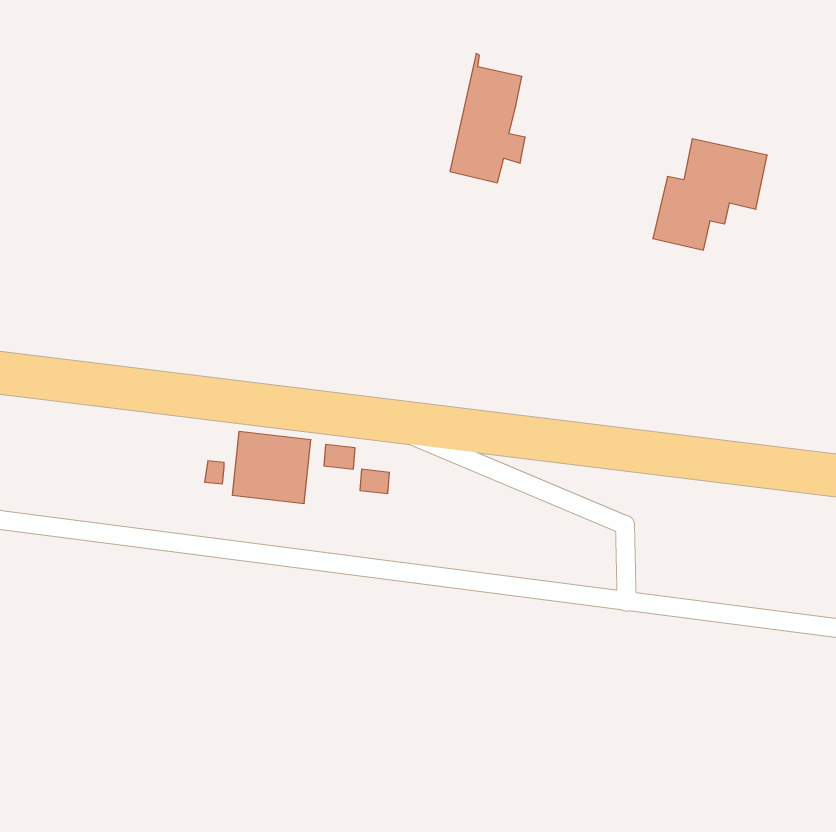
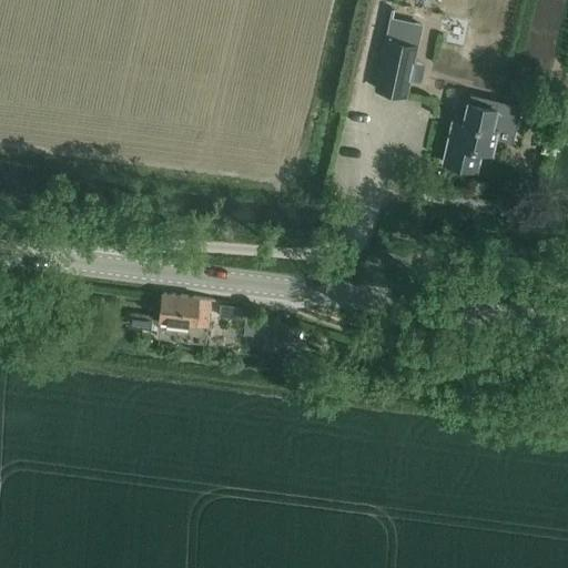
building: [450,54,525,183] -> [374,10,425,98]

